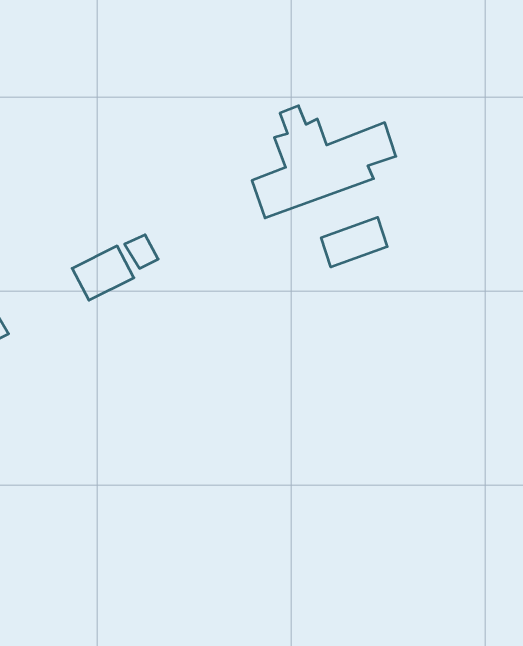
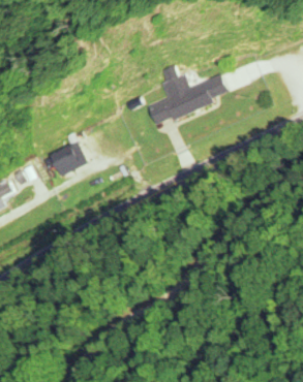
building: [321,217,387,267] -> none

